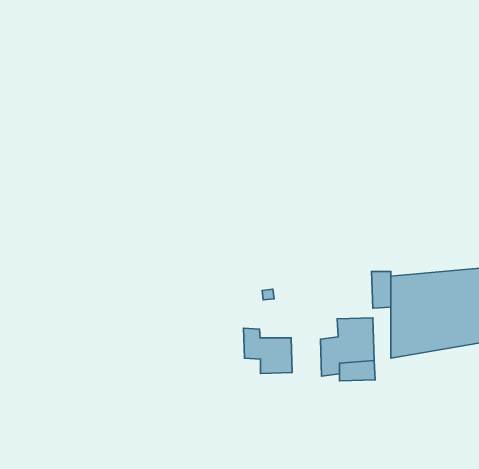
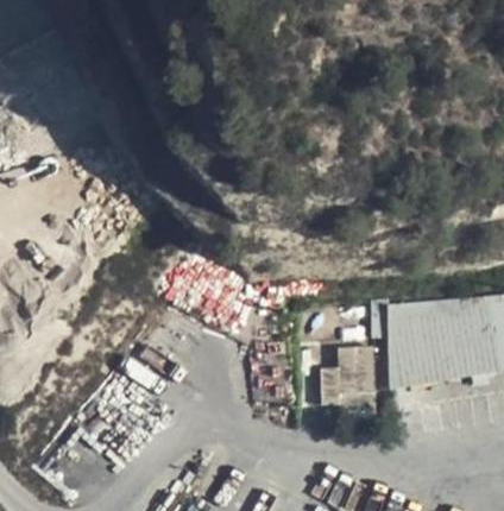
building: [244,328,292,374] -> none

